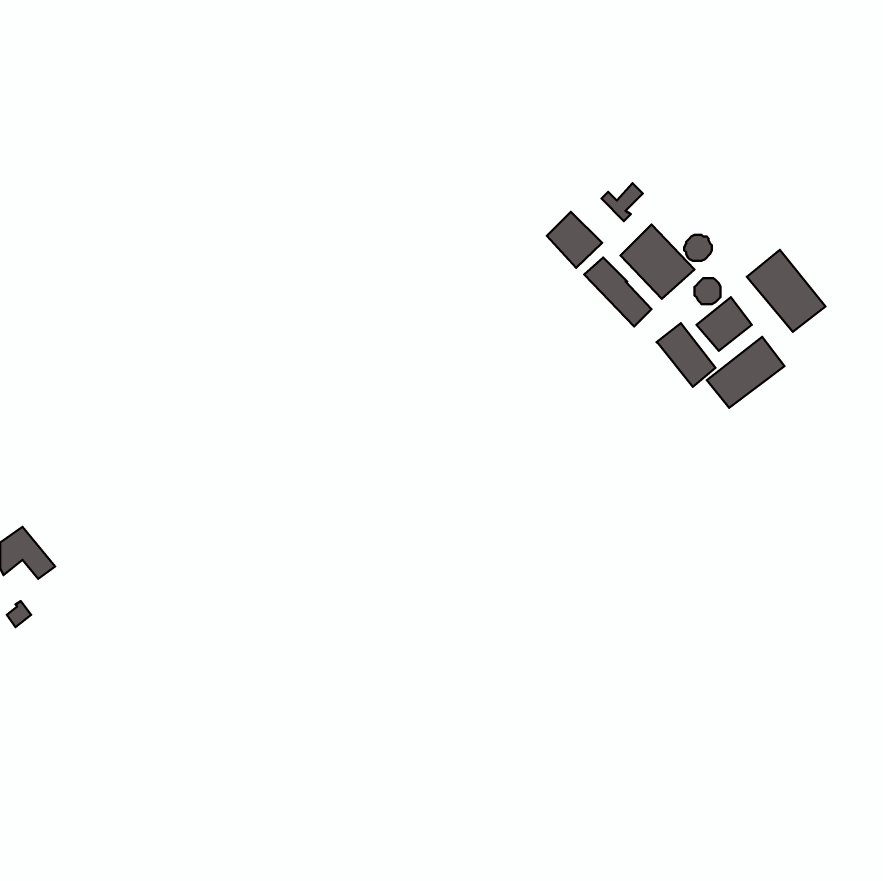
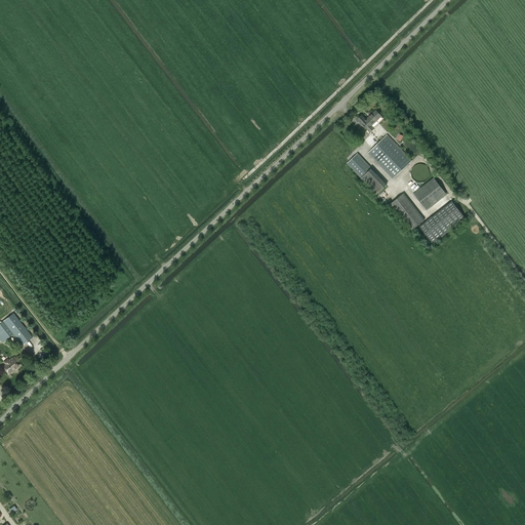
building: [547,212,602,268] -> none
building: [747,250,825,332] -> none

